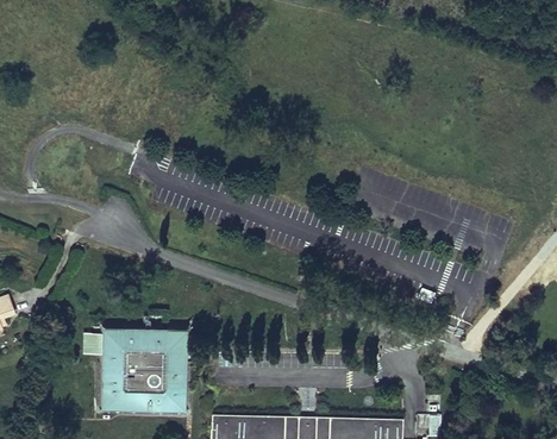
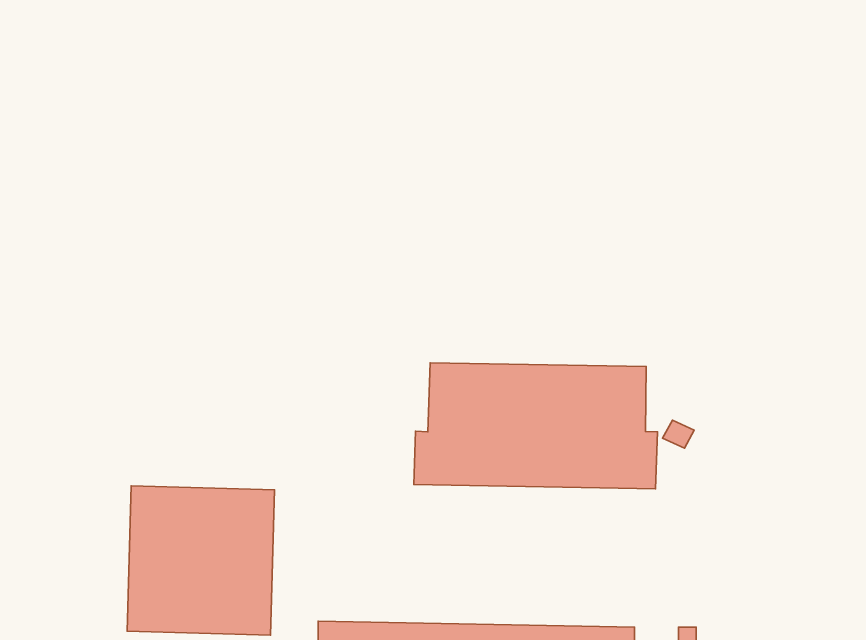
building: none -> [414,363,658,489]

